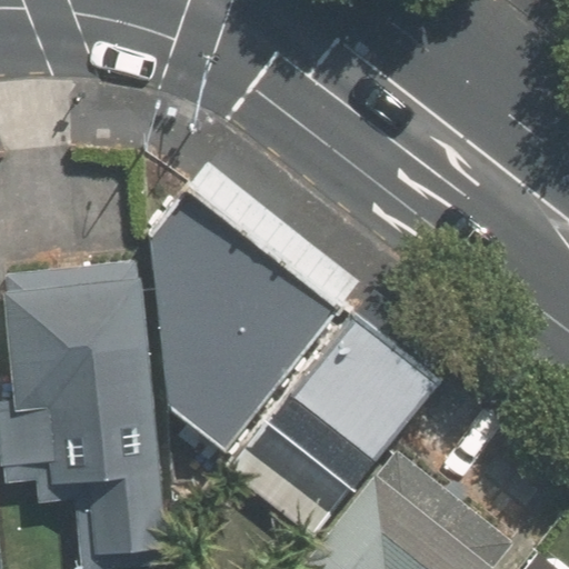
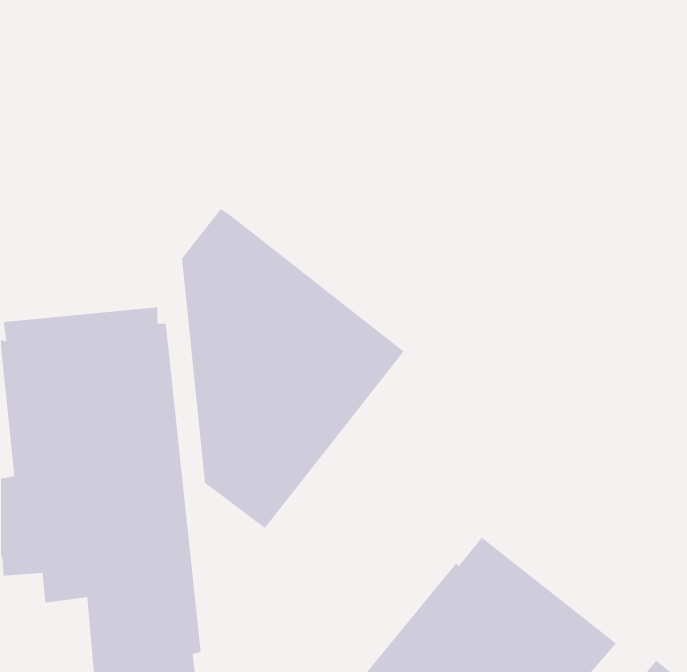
building: [221,317,433,535] -> none

